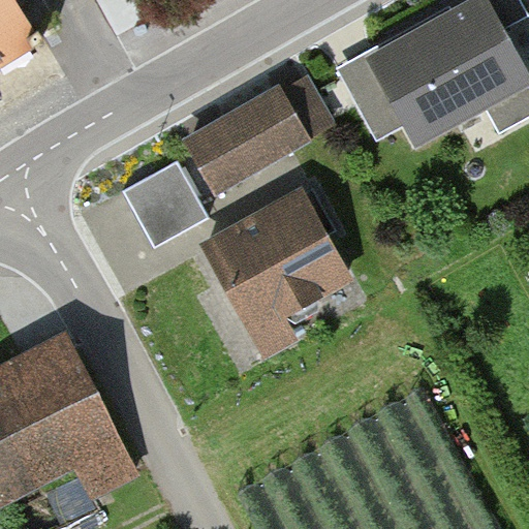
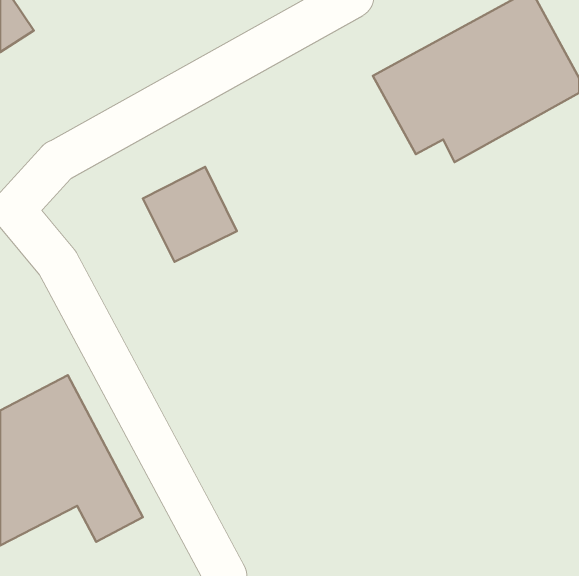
building: [185,93,300,193] -> none
building: [209,200,347,359] -> none

